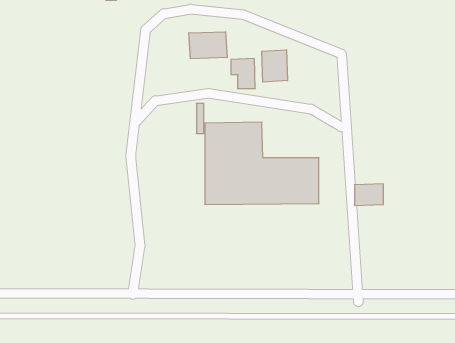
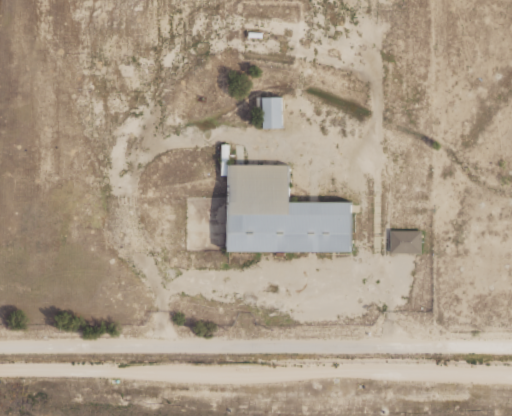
building: [189,32,227,59] -> none
building: [262,50,287,82] -> none

